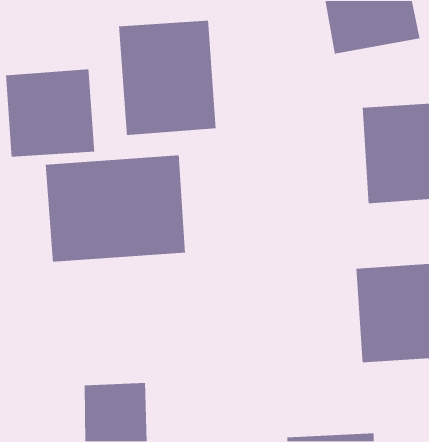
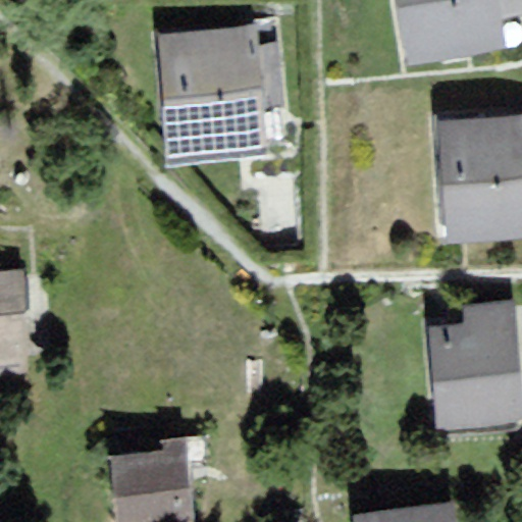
building: [5,69,95,158] -> none
building: [45,155,186,263] -> none

